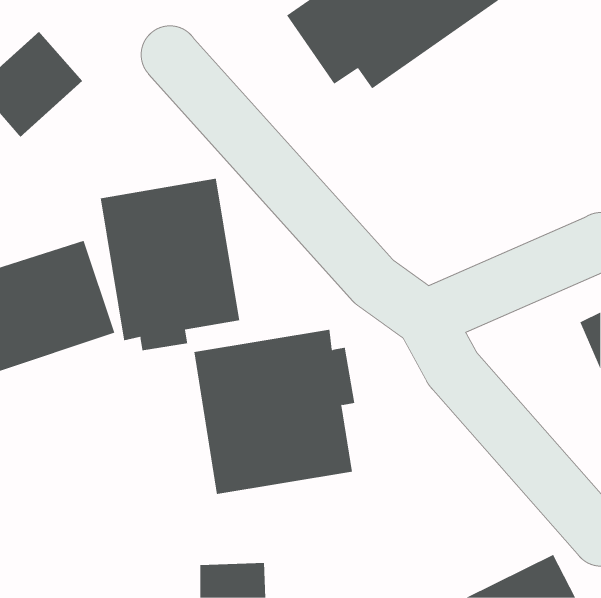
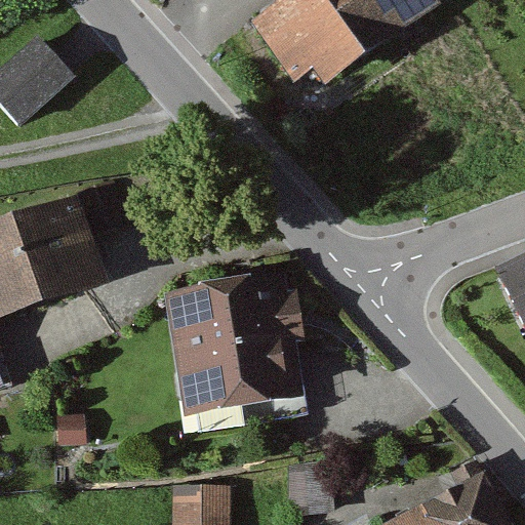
building: [100,178,240,351] -> none

